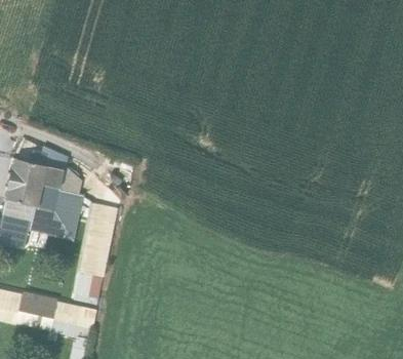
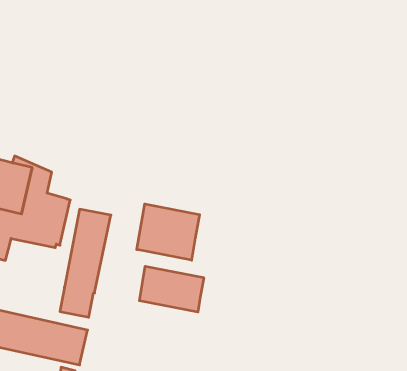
building: none -> [137,204,200,260]
building: none -> [139,266,204,312]

